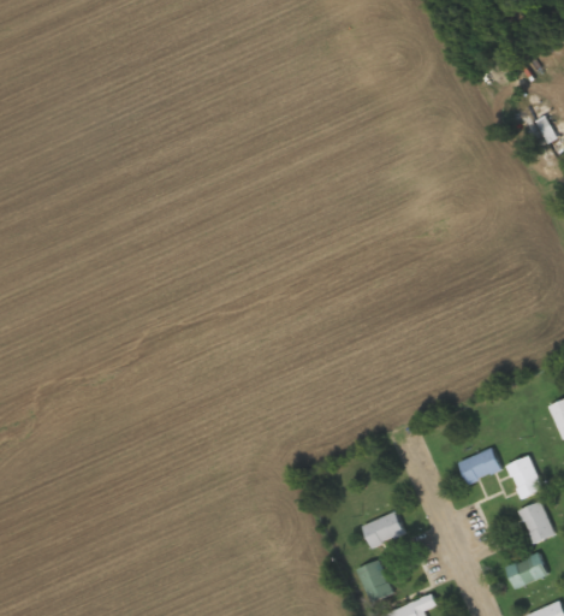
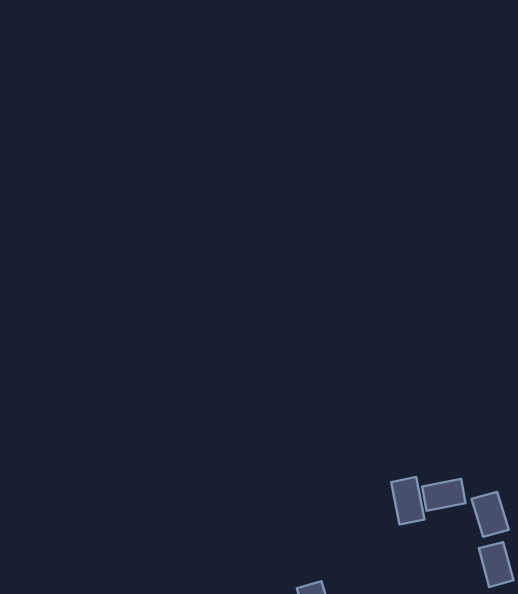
building: none -> [391,477,424,525]
building: [361,511,404,547] -> none

